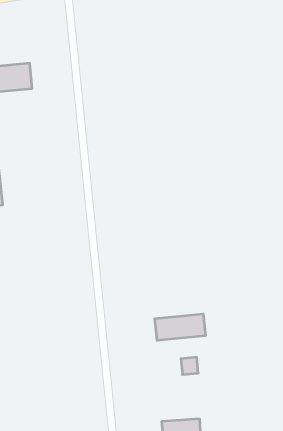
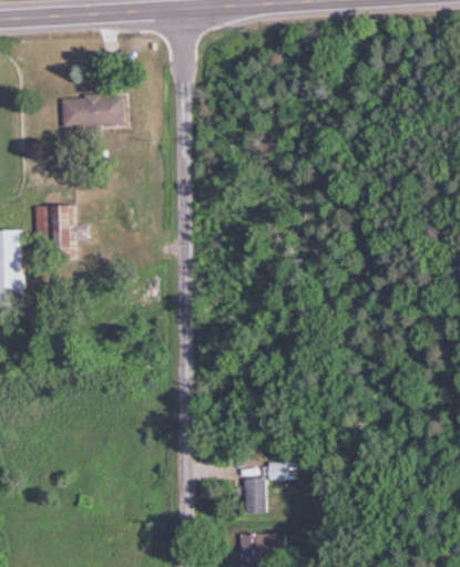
building: [155,314,205,340] -> none
building: none -> [241,478,264,513]

